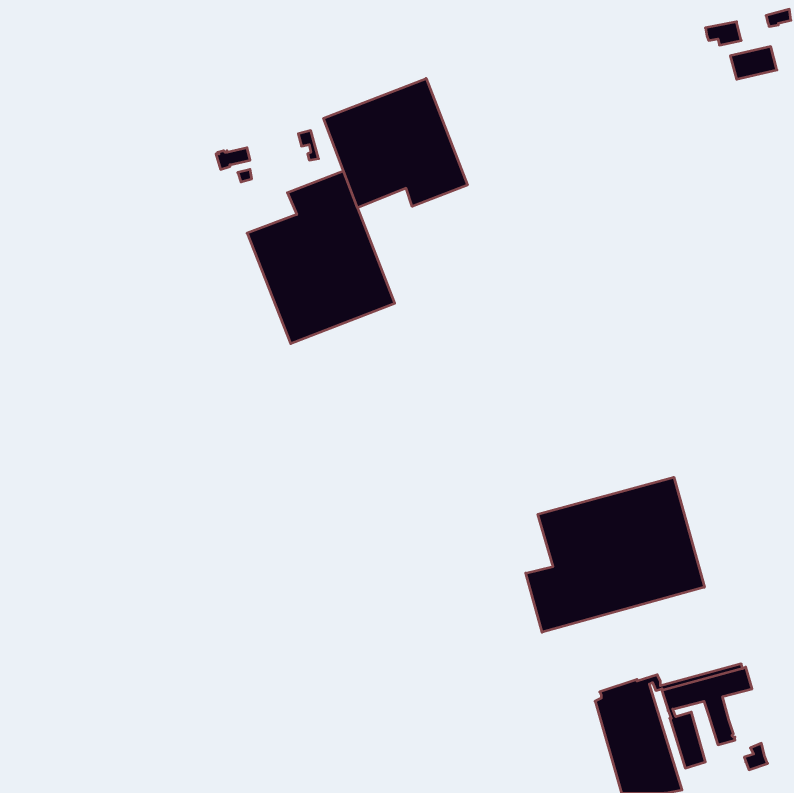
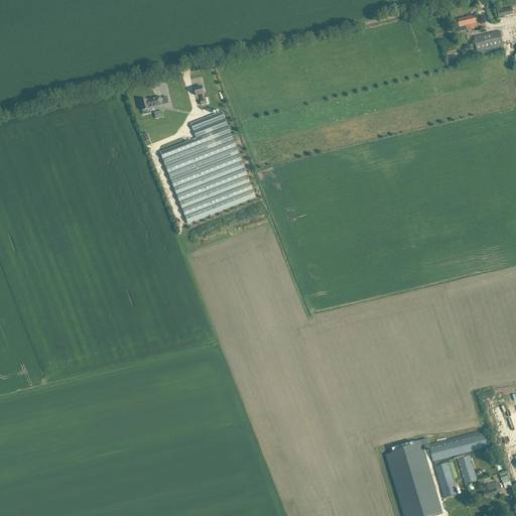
building: [324,78,467,208] -> none
building: [526,477,704,632] -> none

